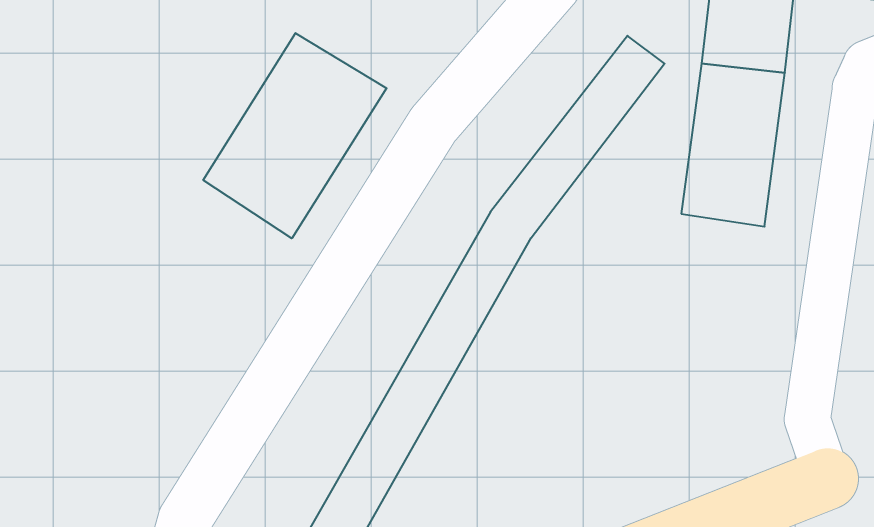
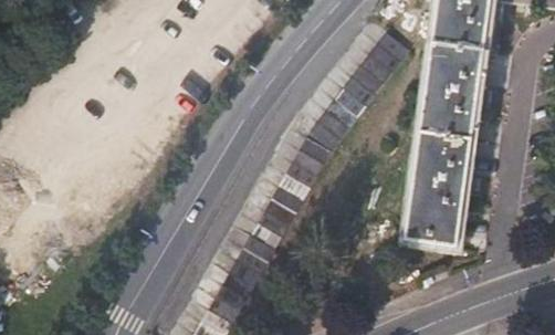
building: [203,33,387,238] -> none
building: none -> [408,135,471,245]

